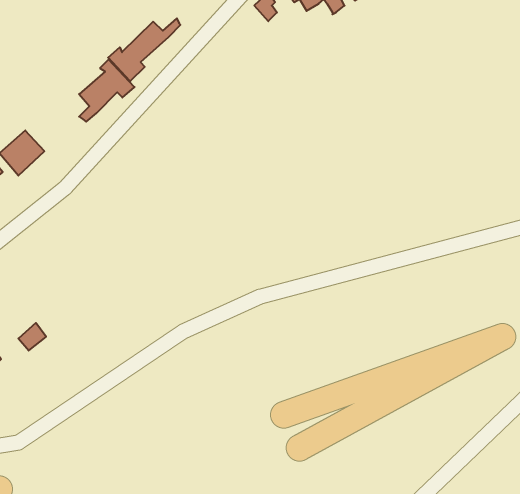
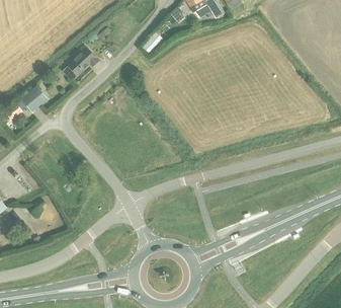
building: [108,18,180,81] -> none

